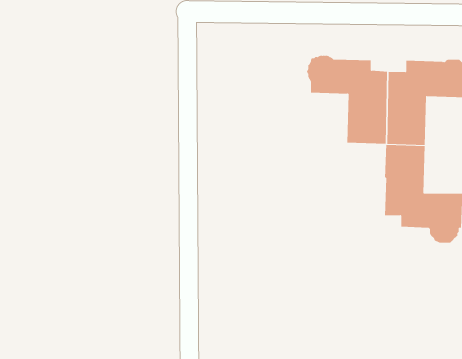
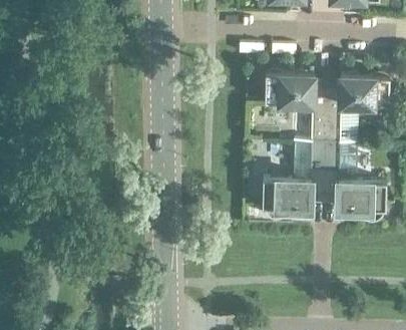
building: none -> [262,139,325,218]

